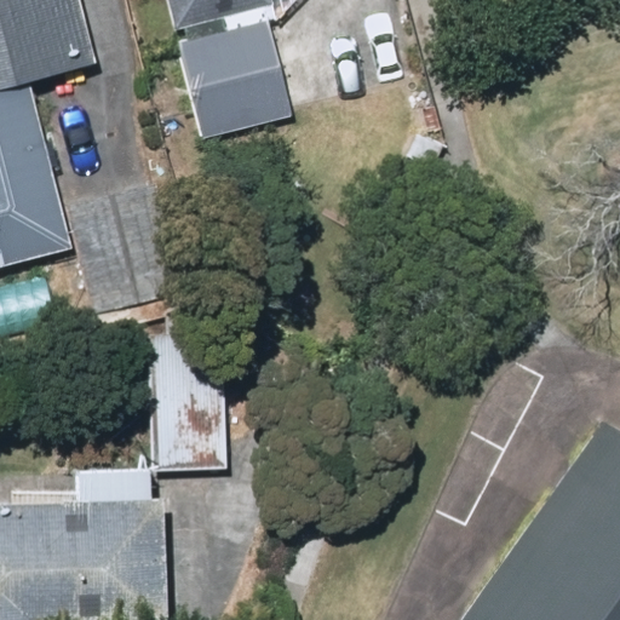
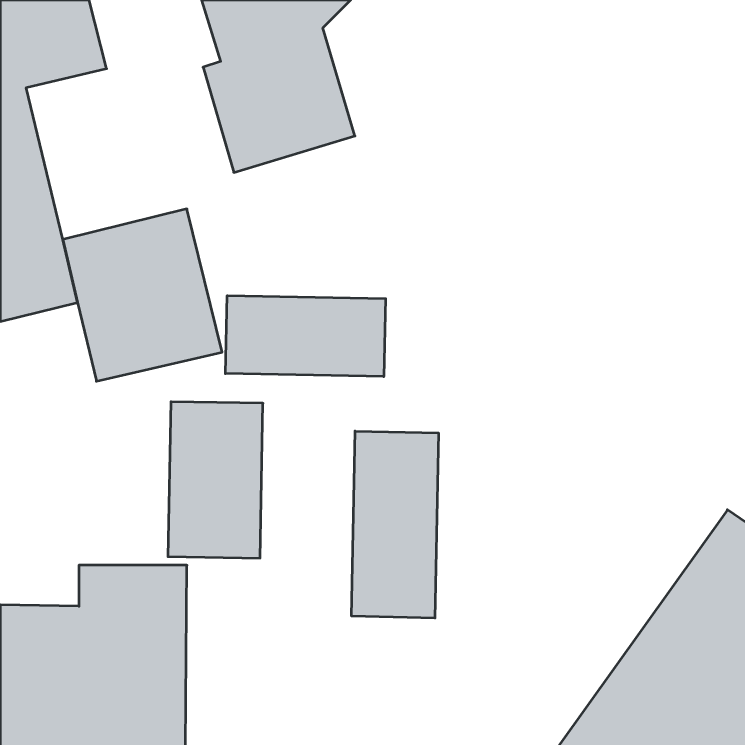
building: none -> [225,296,386,377]
building: none -> [352,431,438,618]

